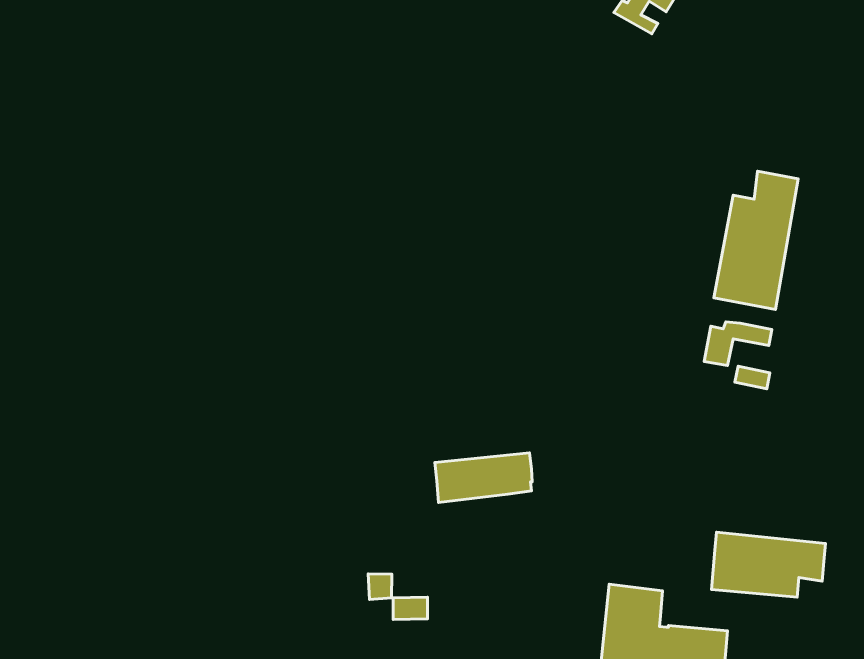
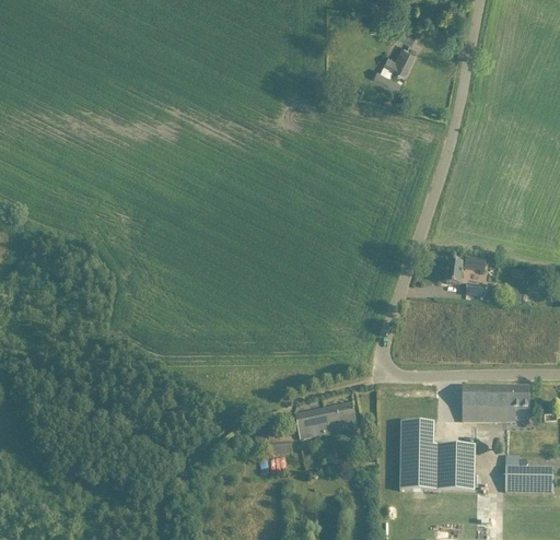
building: [714,171,798,309] -> none
building: [435,453,532,503] -> [295,402,355,437]

